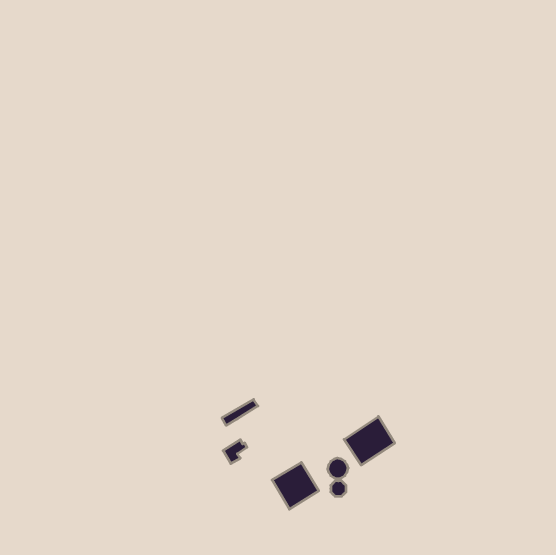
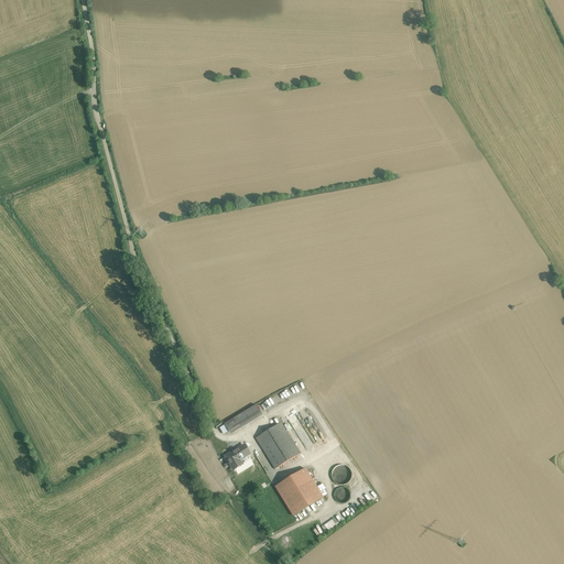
building: [344,416,395,465] -> none
building: none -> [257,422,301,468]

